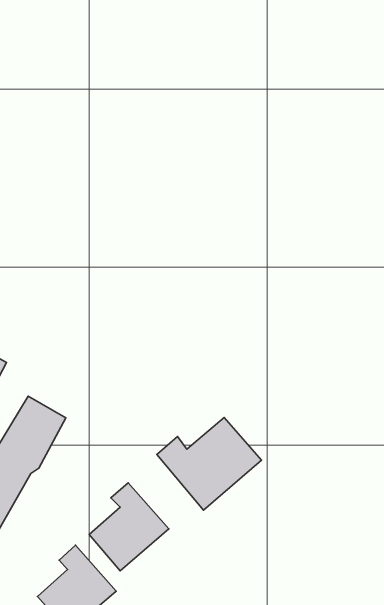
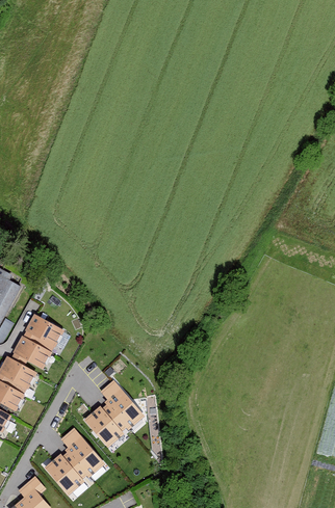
building: [157,418,261,510] -> none

